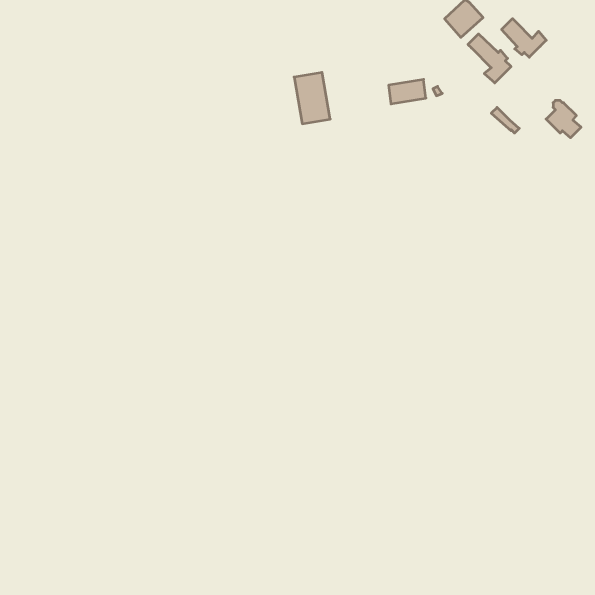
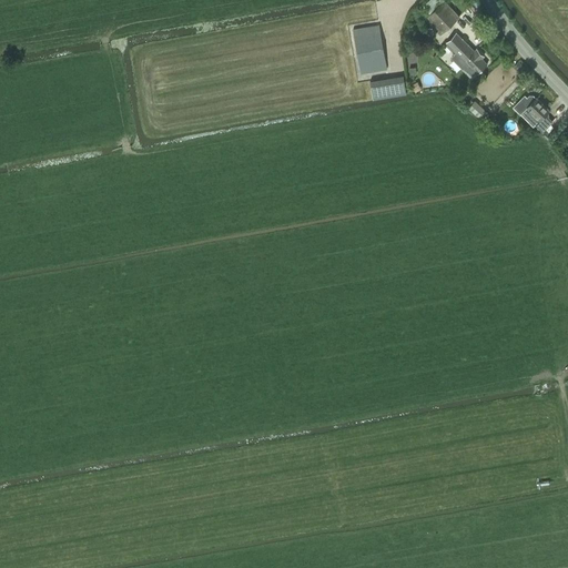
building: [502,19,546,57] -> none
building: [294,72,330,124] -> [352,26,386,74]

